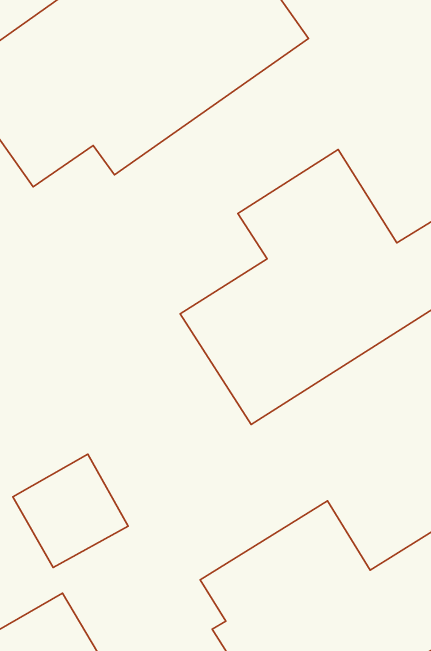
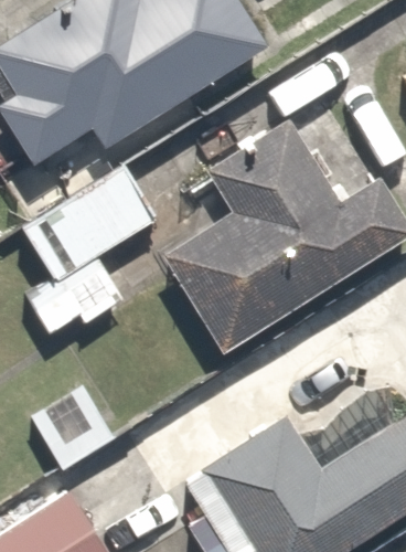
building: none -> [23,152,170,331]

